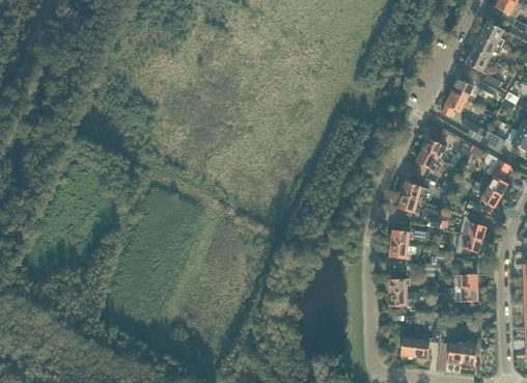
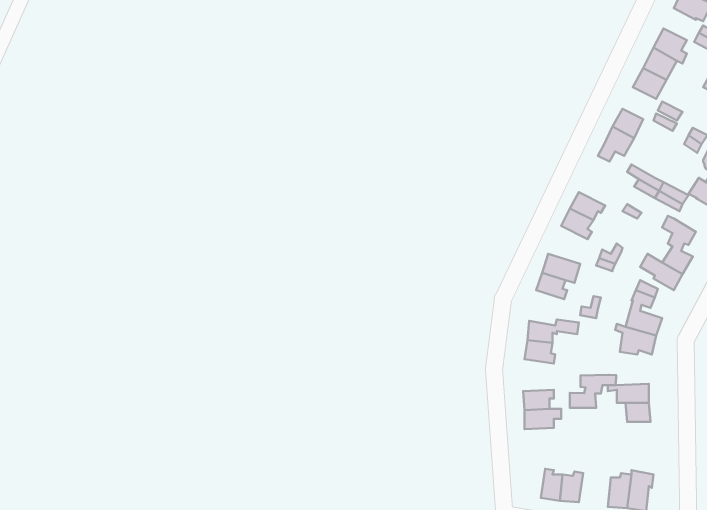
building: none -> [570,375,616,408]

